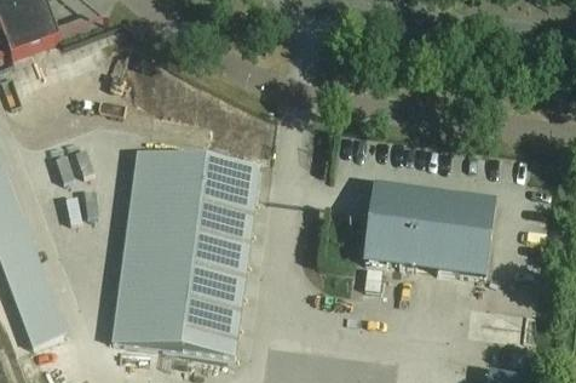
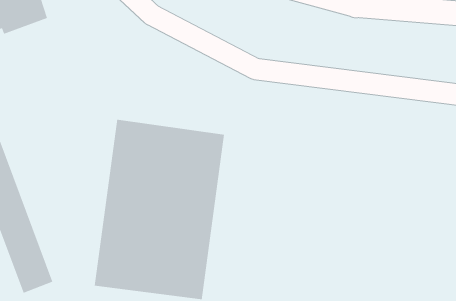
building: [364,181,496,275] -> none

